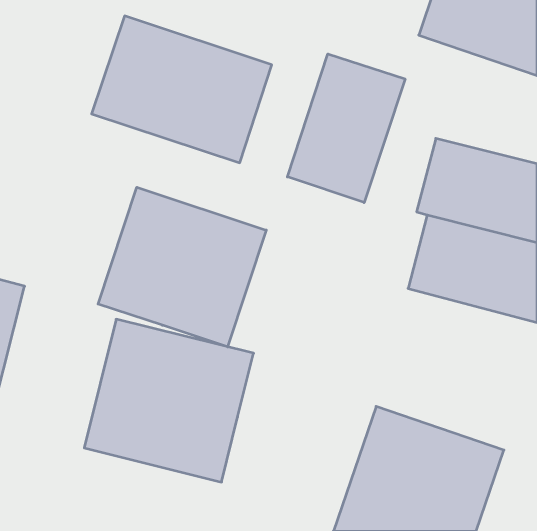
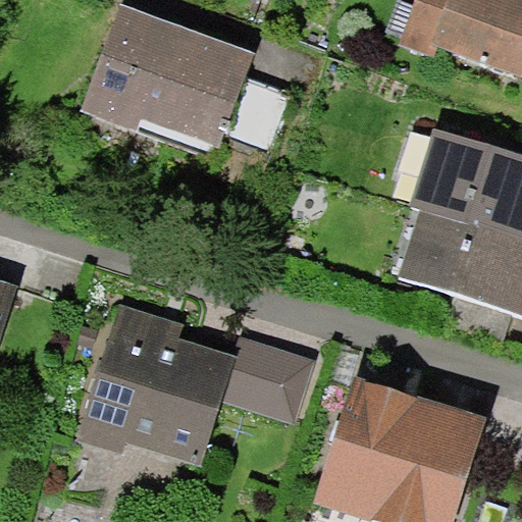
building: [287,54,405,203] -> none
building: [98,187,266,347] -> none
building: none -> [227,338,309,417]

